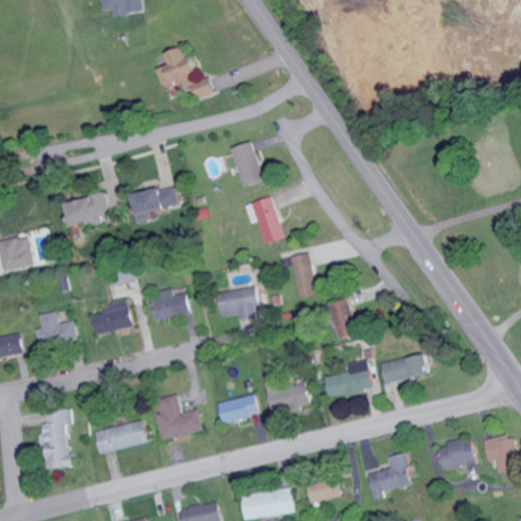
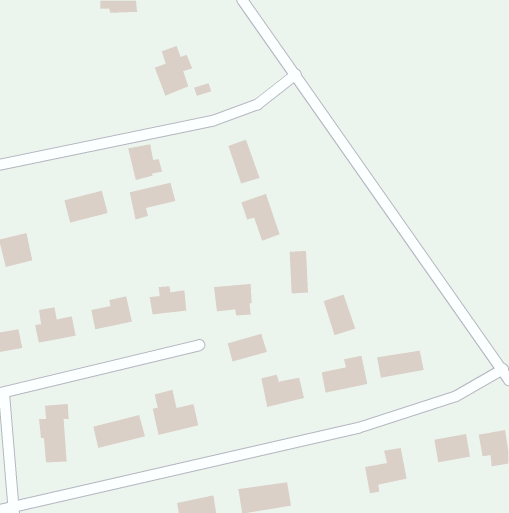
building: none -> [128,143,163,181]
building: [217,394,258,423] -> [227,333,268,362]
building: [308,479,342,502] -> none

